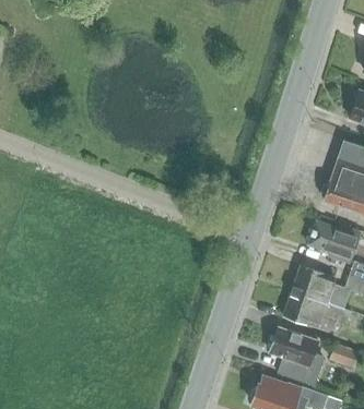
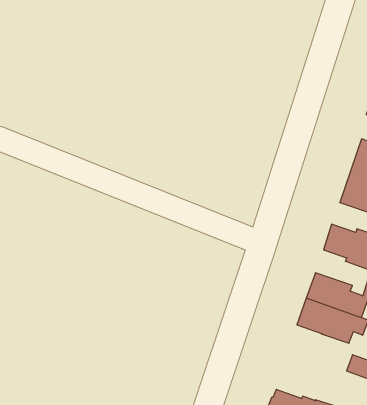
building: [270,327,326,386] -> none

